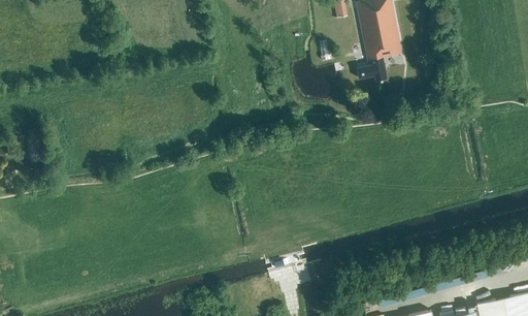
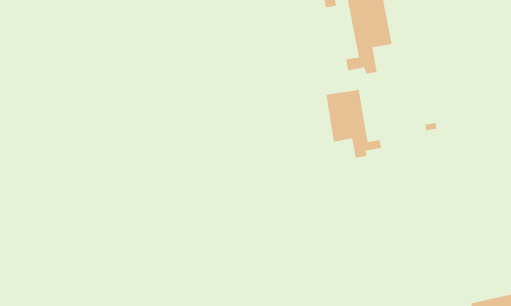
building: none -> [326,89,382,158]

